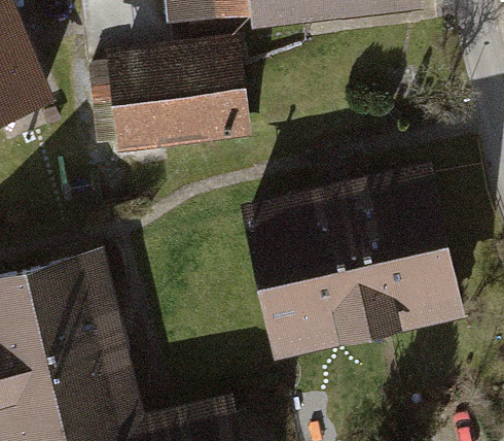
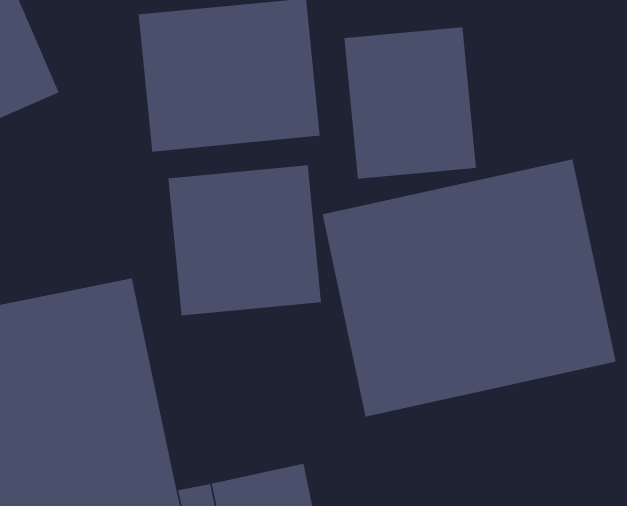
building: none -> [344,26,476,180]
building: none -> [168,165,322,316]

